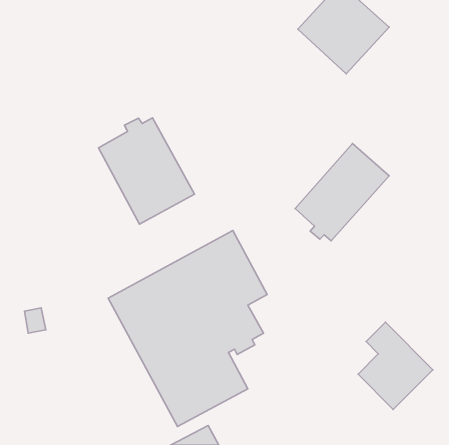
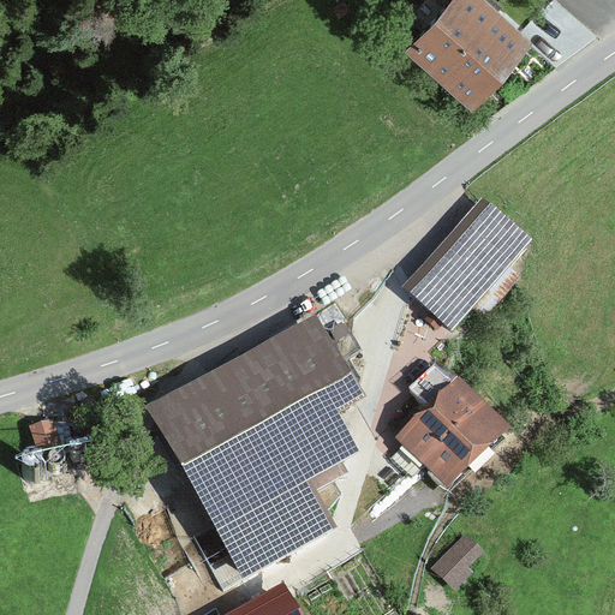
building: [98,118,195,224] -> none
building: [358,322,433,409] -> [402,369,504,488]
building: none -> [431,530,485,587]

